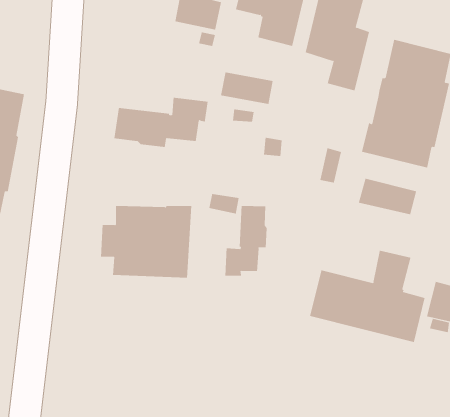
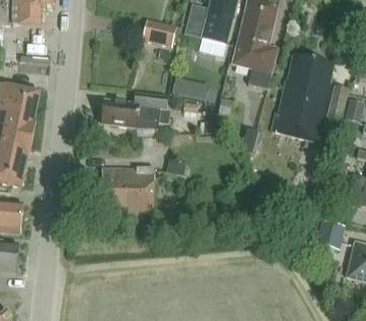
building: [358,178,417,215] -> none
building: [225,205,267,277] -> none
building: [310,250,425,343] -> none

